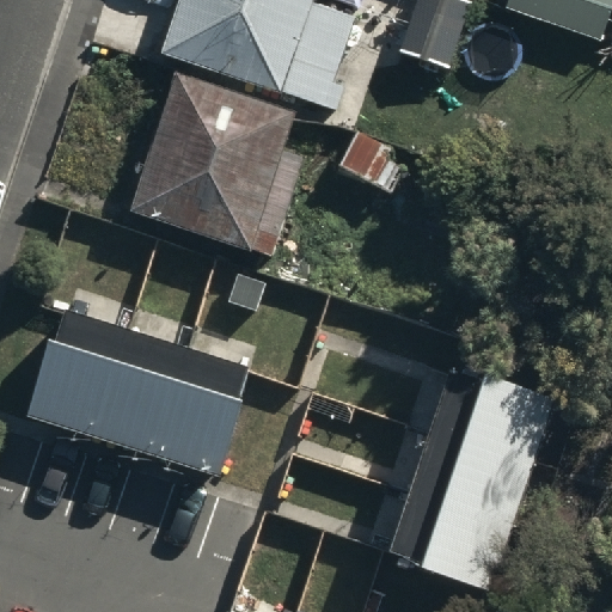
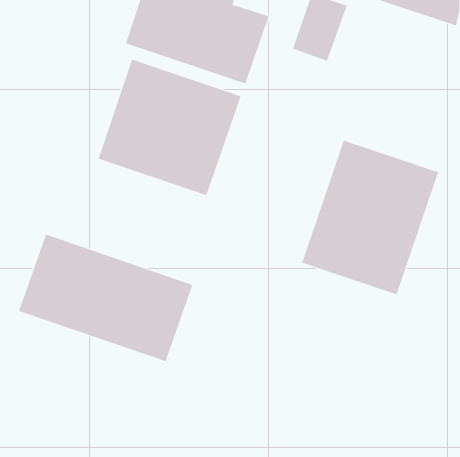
building: none -> [302,140,439,295]
building: [387,371,555,596] -> none

